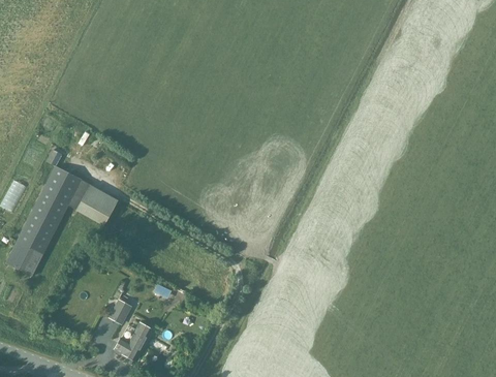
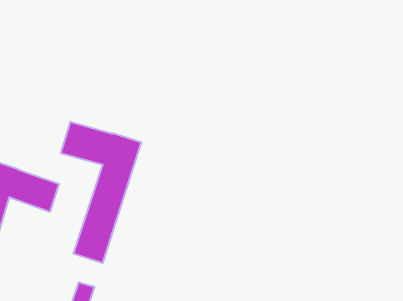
building: none -> [61,122,141,263]

